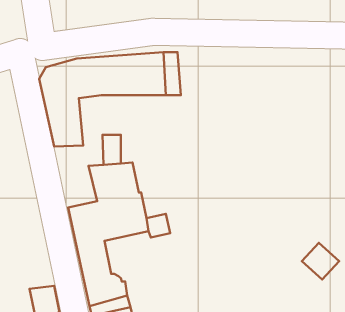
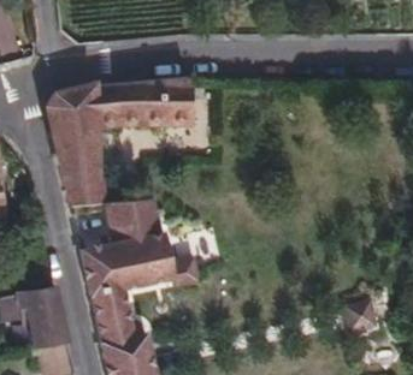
building: none -> [17,290,66,346]

